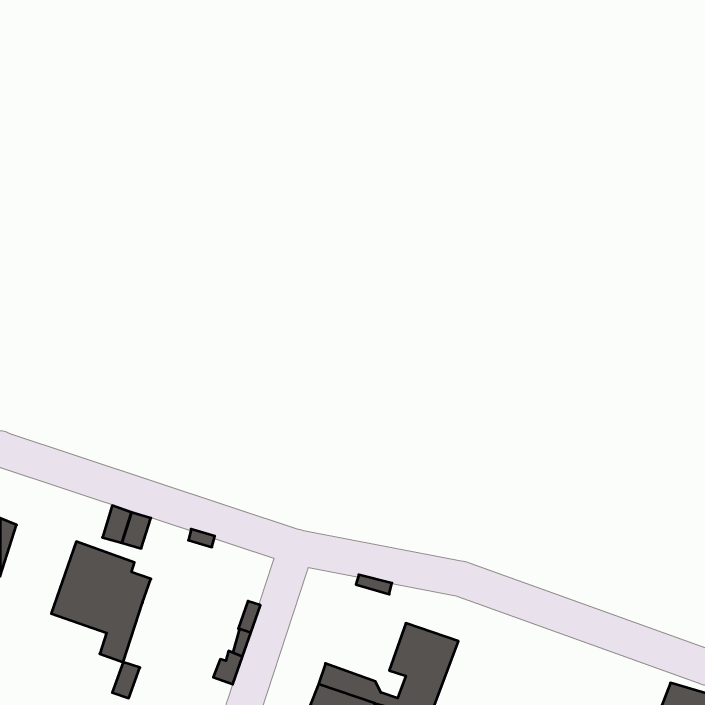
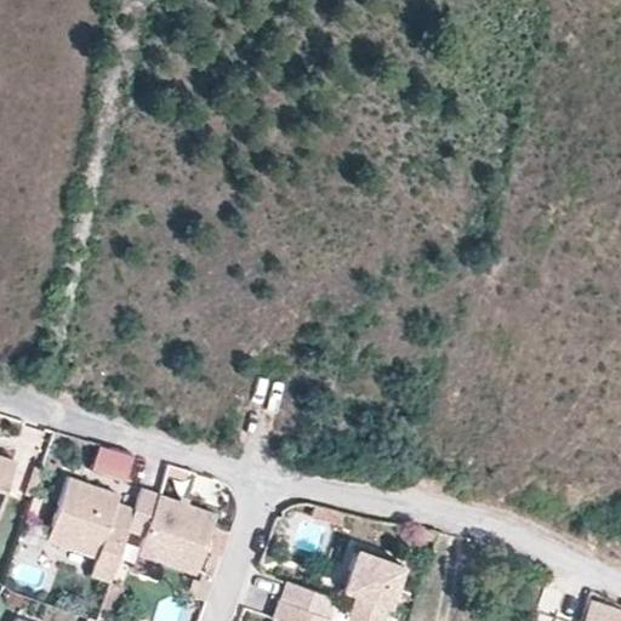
building: none -> [127,489,217,579]

